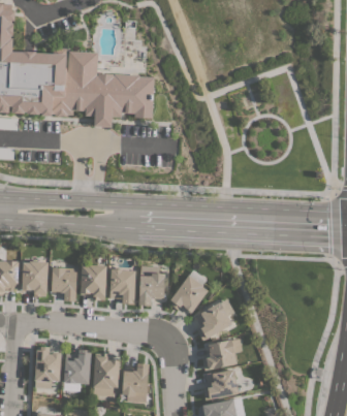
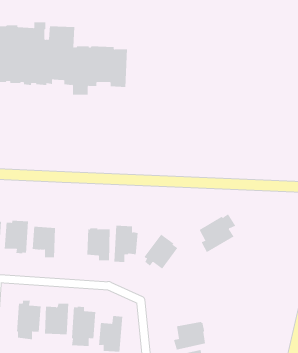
building: [80,264,106,299] -> none
building: [194,298,234,341] -> [199,213,236,253]
building: [202,338,242,370] -> none

